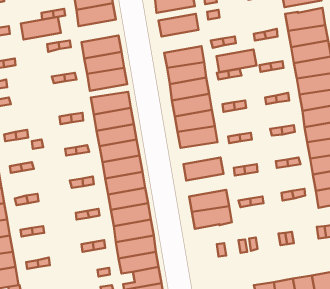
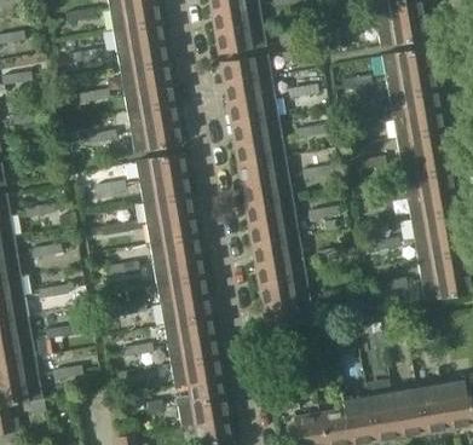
building: [21,17,61,40] -> [119,62,169,91]
building: [216,49,256,72] -> [224,75,275,104]
building: none -> [248,218,299,245]
building: none -> [255,258,306,287]

